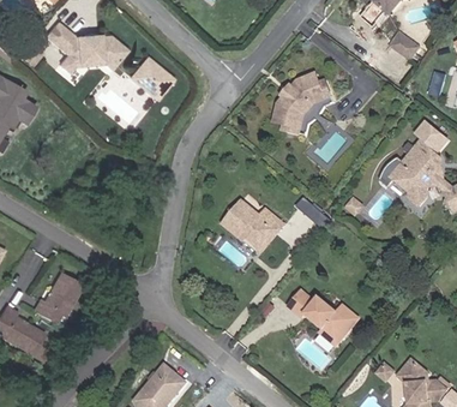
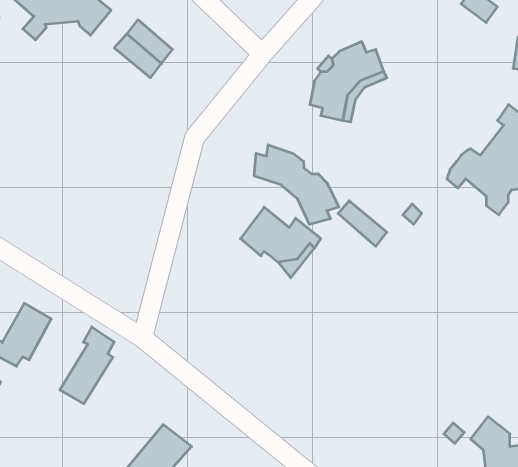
building: none -> [254,145,339,224]
building: none -> [60,327,114,404]
building: [288,291,361,347] -> none

